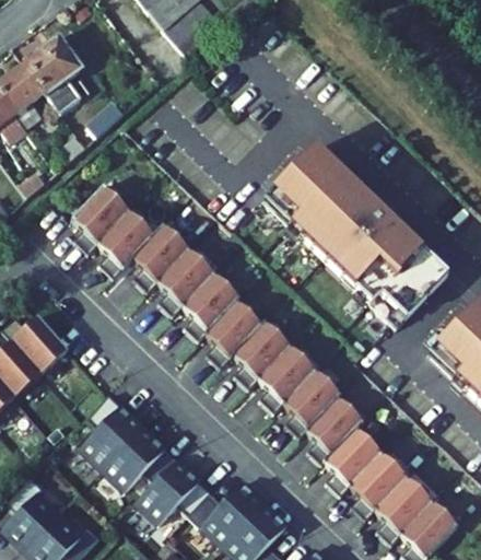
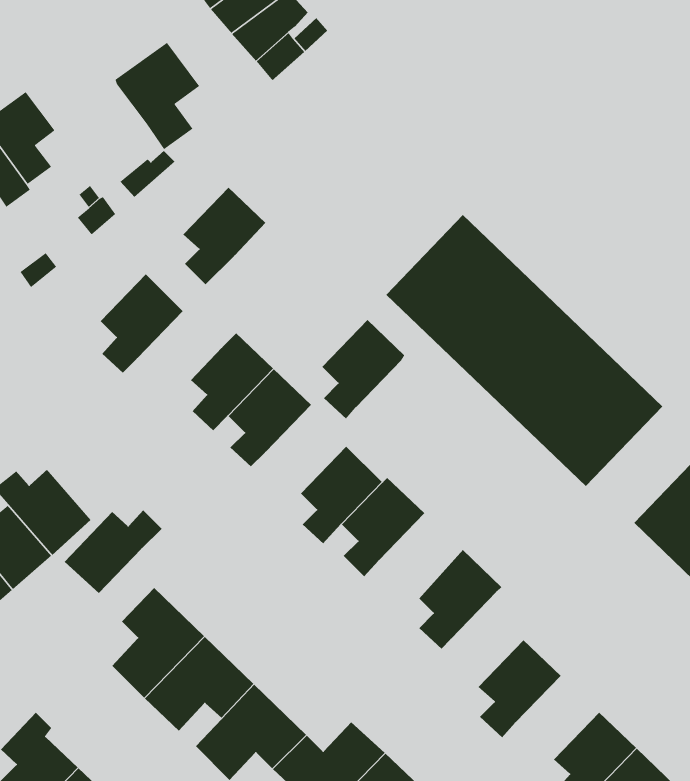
building: [25,34,82,106] -> [115,42,200,150]
building: [101,209,156,275] -> [182,187,266,285]
building: [186,271,242,338] -> [322,319,405,419]
building: none -> [64,510,162,594]
building: [261,343,317,410] -> none
building: [309,396,365,462] -> none
building: [352,452,408,517] -> none

